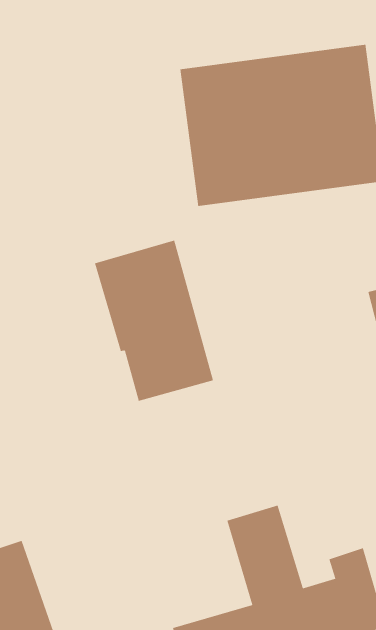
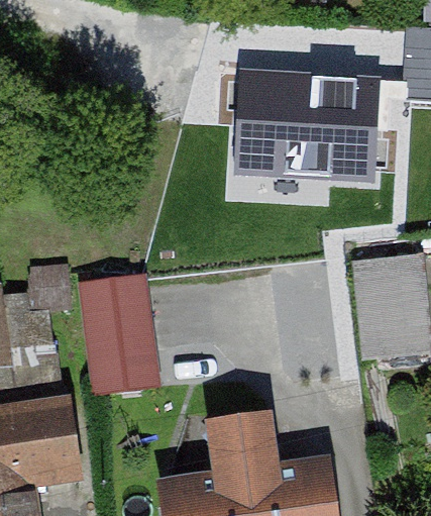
building: [94,240,214,402] -> [82,280,155,395]

